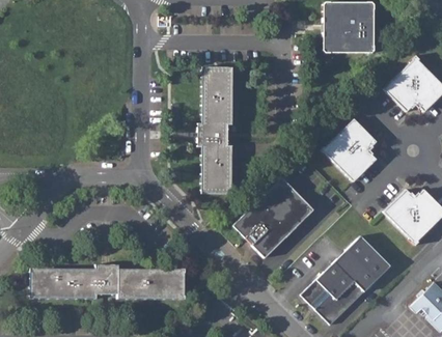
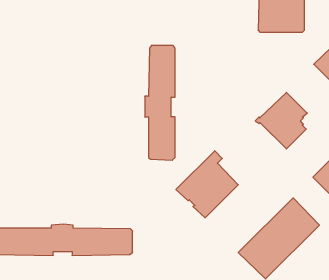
building: [275,177,313,221] -> none

